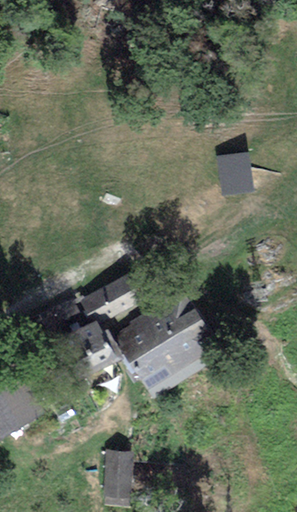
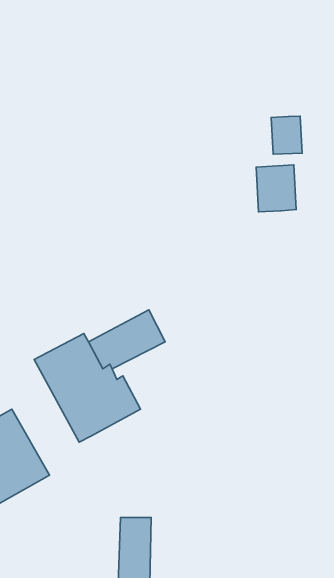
building: none -> [271,116,302,154]
building: [115,291,210,396] -> none

